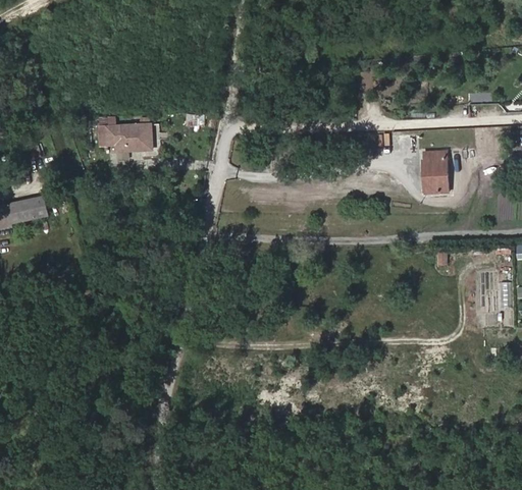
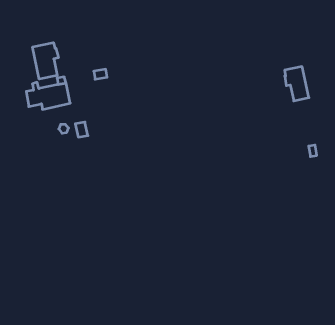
building: none -> [33,43,58,79]

